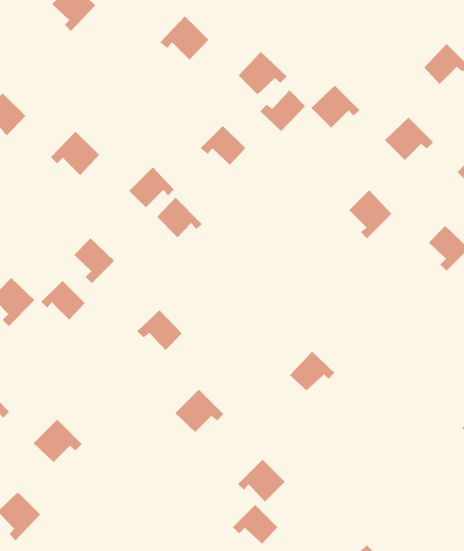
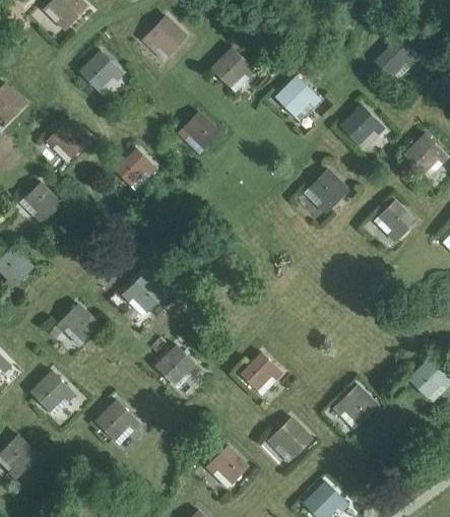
building: none -> [79,52,123,90]
building: [259,90,306,132] -> none
building: [156,197,203,238] -> none
building: [73,238,115,284] -> [24,183,61,223]
building: [40,280,85,320] -> [58,305,98,340]
building: [289,351,335,391] -> [241,353,281,389]
building: none -> [334,385,377,424]
building: none -> [95,400,139,439]
building: [237,459,286,502] -> [268,418,311,457]

